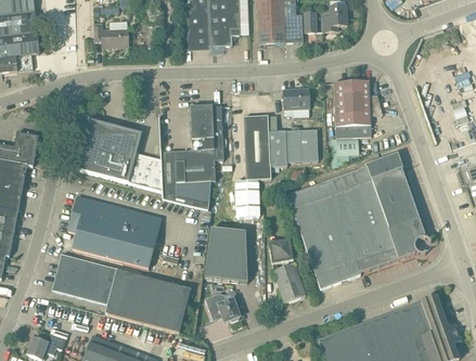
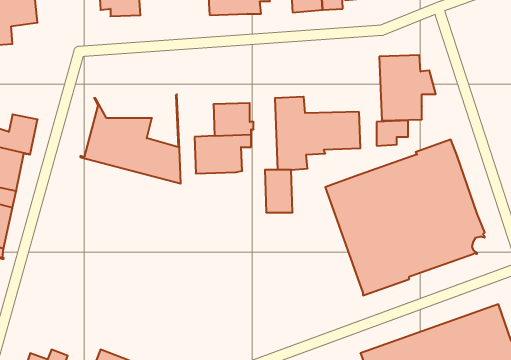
building: [283,88,309,116] -> none
building: [190,105,222,123] -> none
building: [160,151,210,207] -> none
building: [68,195,162,269] -> none
building: [205,222,247,278] -> none
building: [268,237,306,301] -> none
building: [52,254,191,332] -> none
building: [205,292,240,320] -> none

